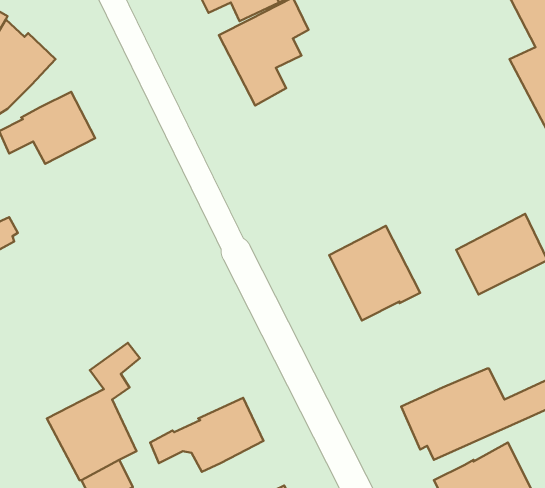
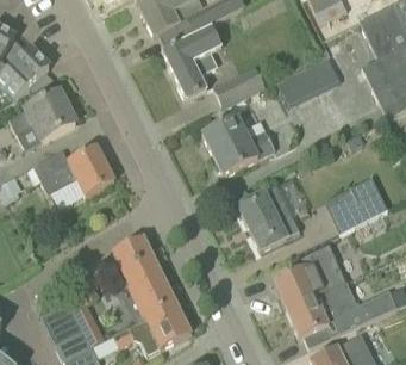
building: none -> [276,57,339,104]
building: none -> [214,67,266,106]
building: none -> [202,106,275,174]
building: none -> [33,147,115,196]
building: none -> [114,237,177,317]
building: none -> [275,243,346,308]

